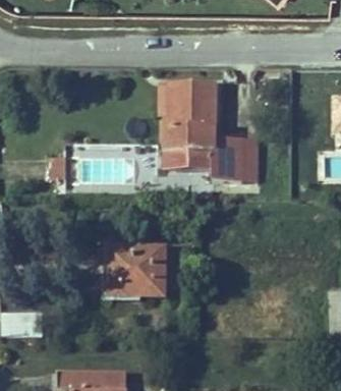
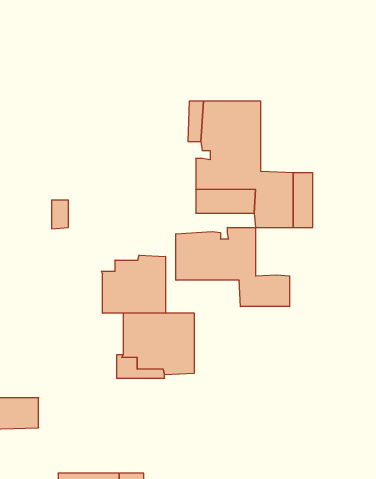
building: none -> [176,227,290,307]
building: none -> [101,255,165,313]

